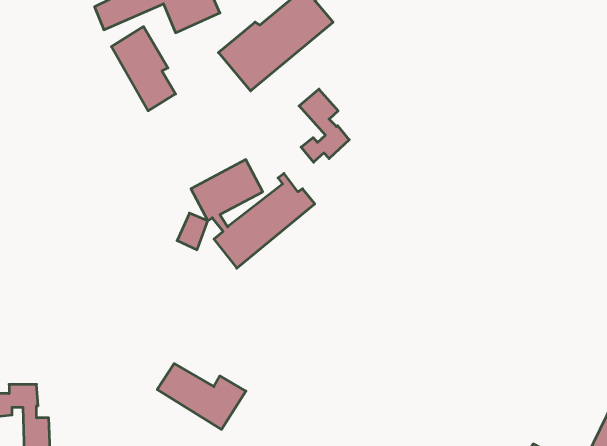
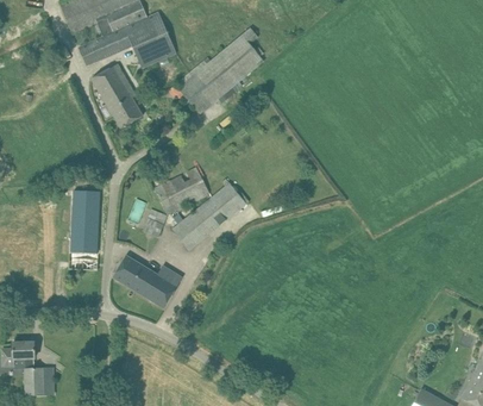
building: [299,89,349,162] -> none
building: none -> [68,189,101,270]
building: [157,364,246,429] -> [113,256,182,307]

